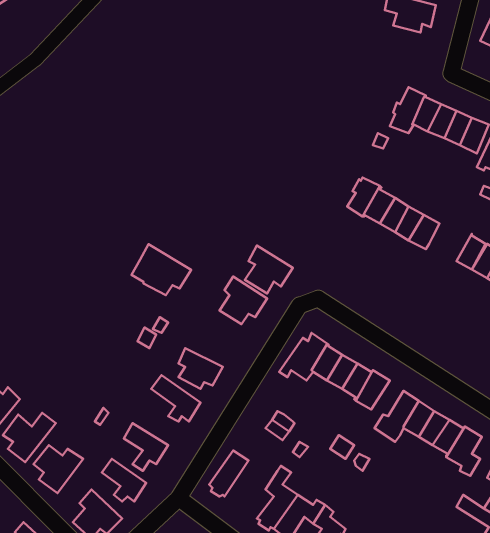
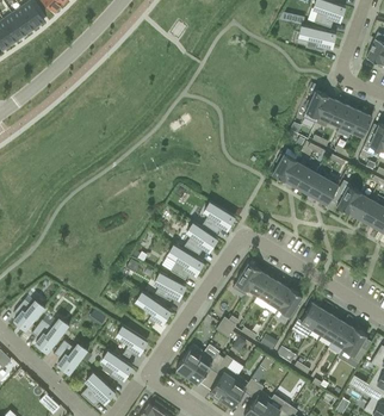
building: none -> [330,181,361,213]
building: [132,244,191,295] -> [162,244,204,280]
building: none -> [187,352,224,384]

